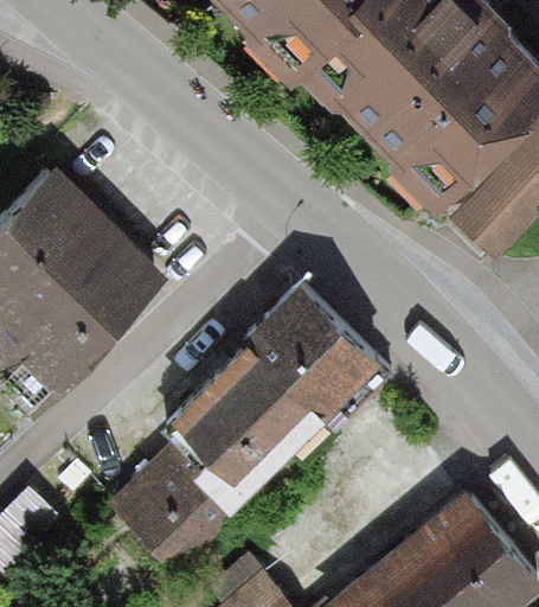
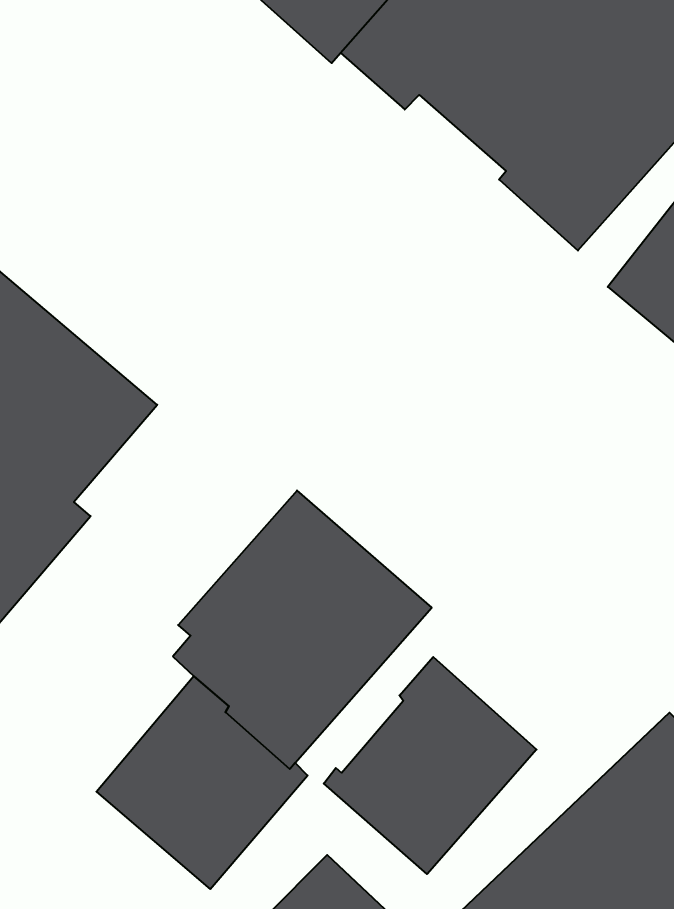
building: [249,275,383,409] -> none
building: none -> [324,657,537,874]

